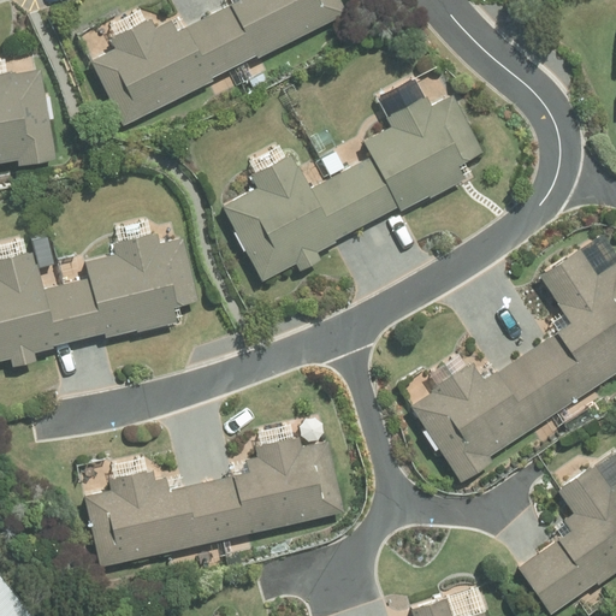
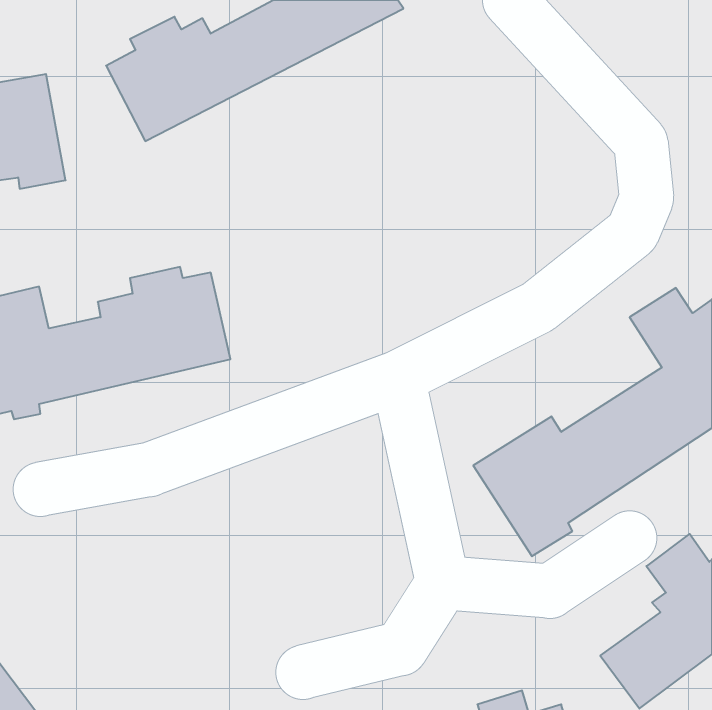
building: [225,95,487,279] -> none
building: [85,434,342,565] -> none

